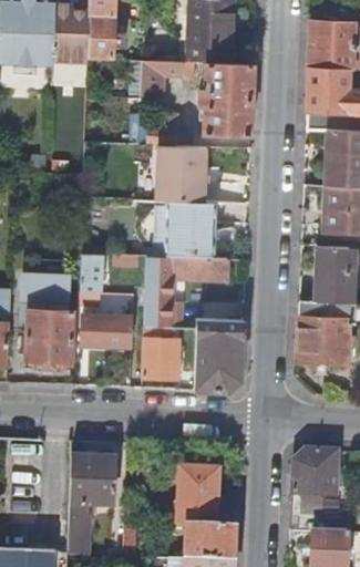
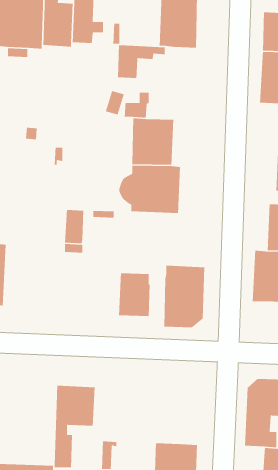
building: [199,63,255,135] -> none
building: [144,255,227,328] -> none
building: [22,278,74,364] -> none
building: [83,316,133,347] -> none
building: [177,470,217,527] -> none

